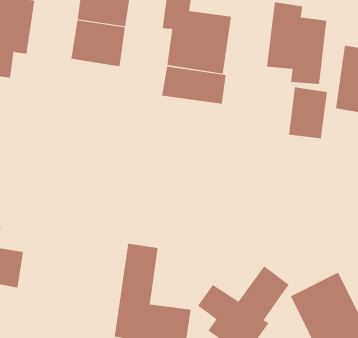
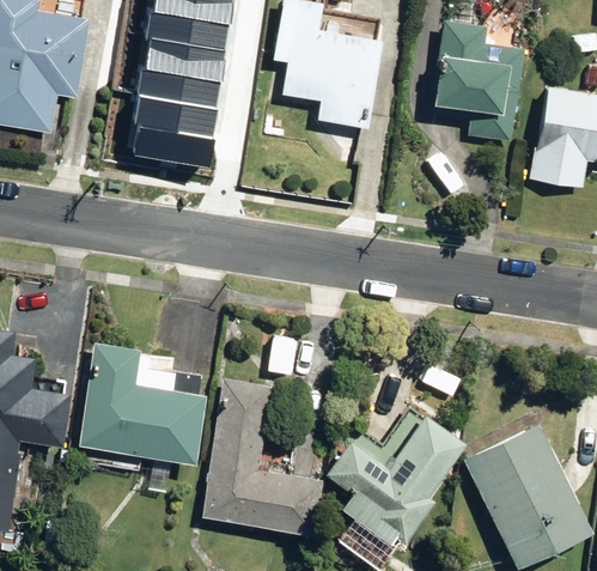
building: none -> [130,104,213,170]
building: [162,66,226,105] -> none
building: [288,86,327,139] -> none
building: none -> [78,344,205,462]

